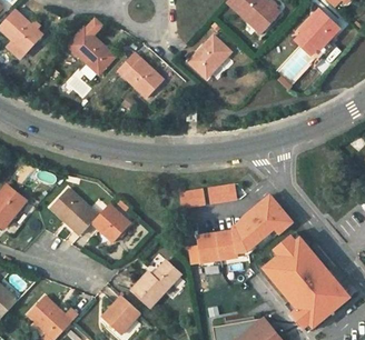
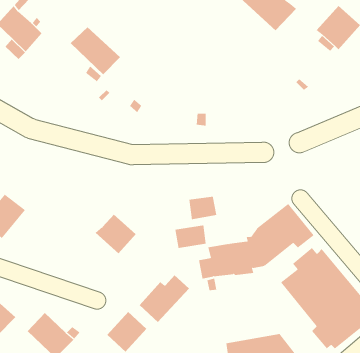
building: [187,36,228,78] -> none
building: [117,53,162,98] -> none
building: [206,183,236,206] -> [174,225,207,248]
building: [50,189,97,234] -> none

